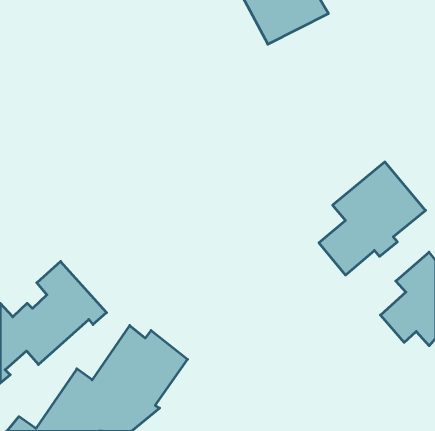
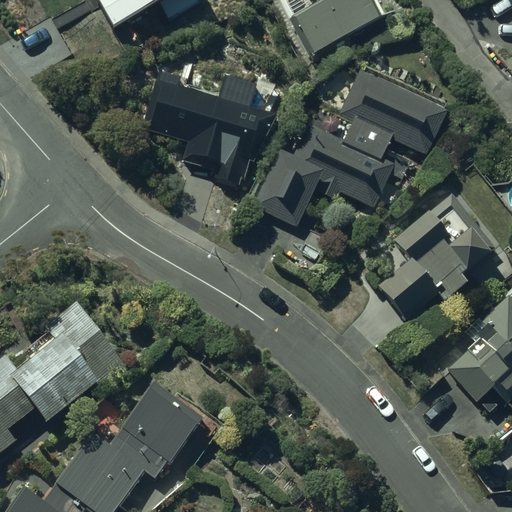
building: none -> [254,65,445,225]
building: none -> [141,73,256,174]

